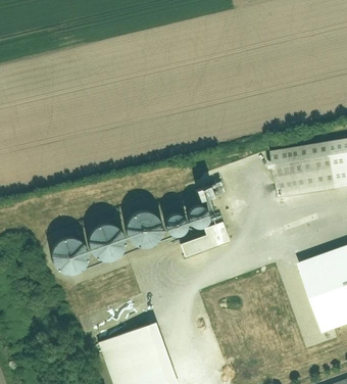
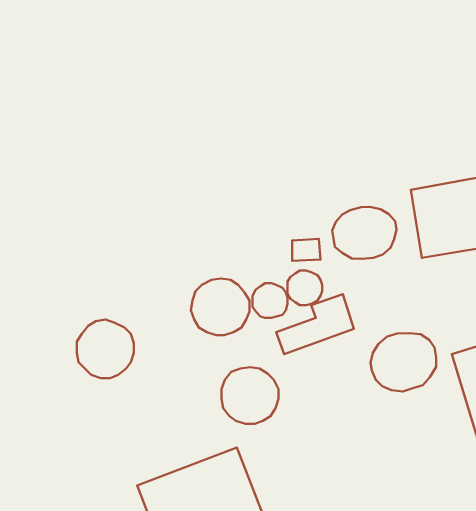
building: none -> [332,207,396,259]
building: [90,224,127,260] -> [222,367,279,424]
building: none -> [371,333,436,391]

